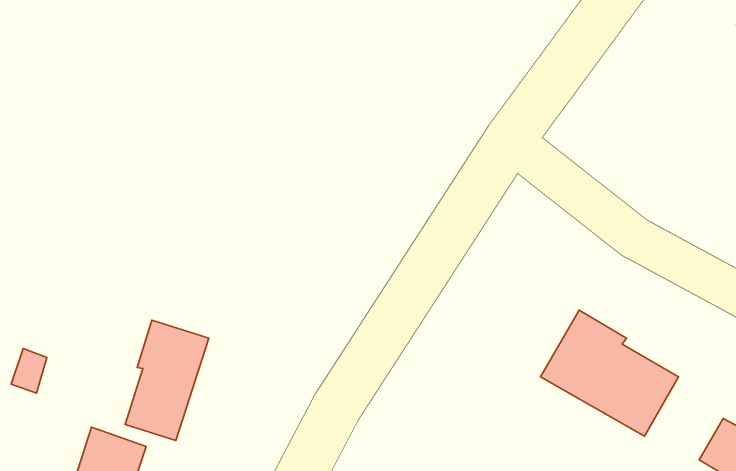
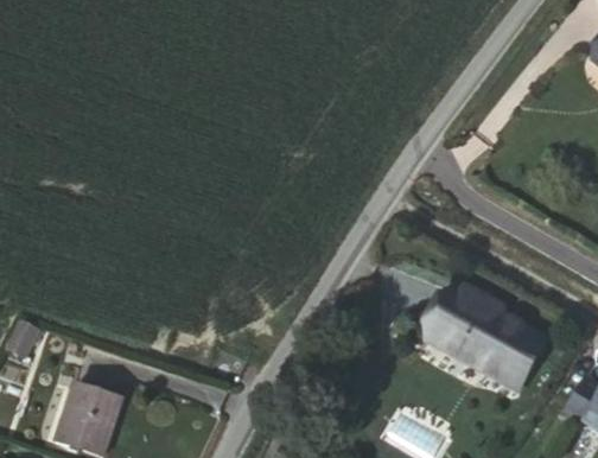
building: [125,320,209,441] -> none

